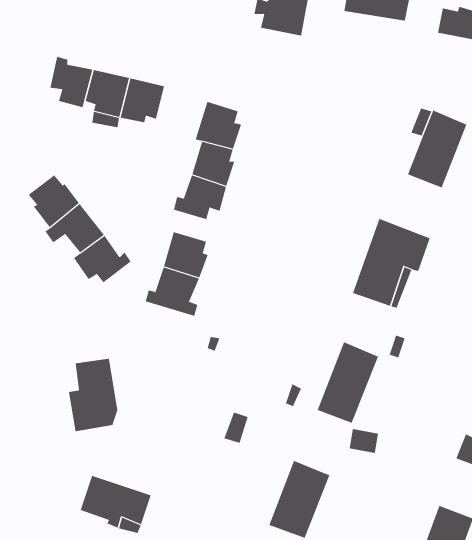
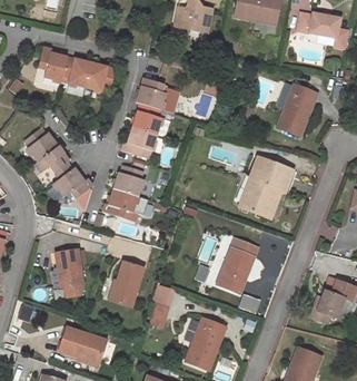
building: none -> [111,260,143,305]

